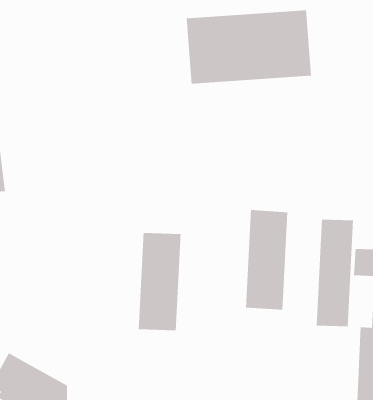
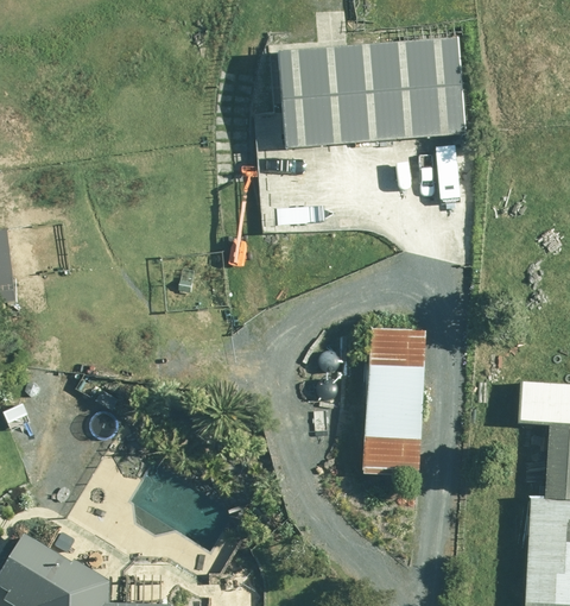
building: [316,219,353,327] -> none
building: [138,232,181,331] -> none

